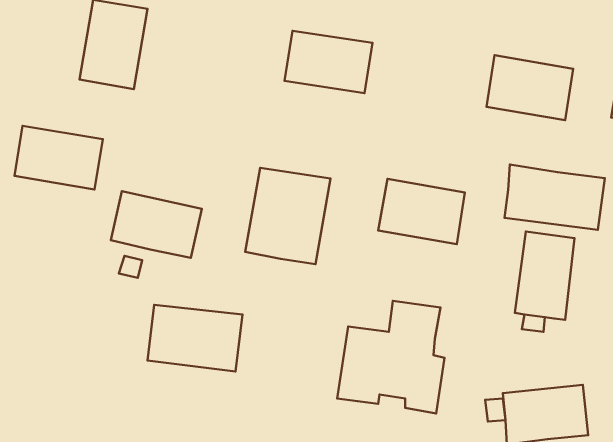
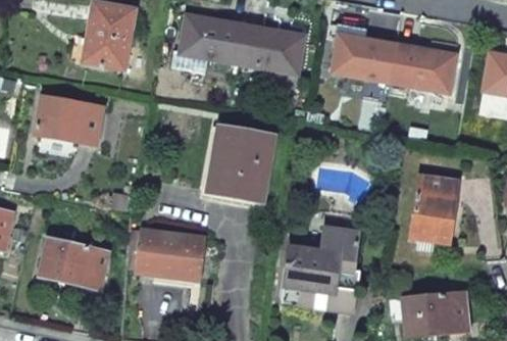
building: none -> [181,14,245,62]
building: [505,165,605,230] -> none
building: [378,179,465,244] -> [332,33,397,82]
building: [111,191,202,258] -> [40,238,108,288]

